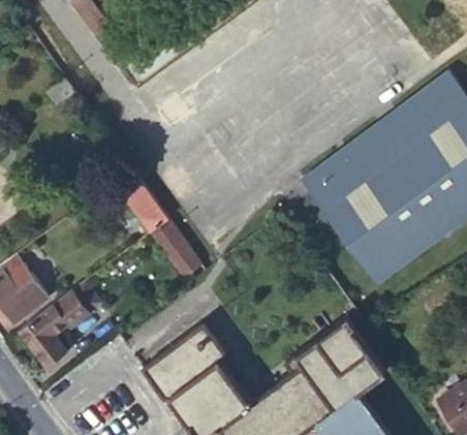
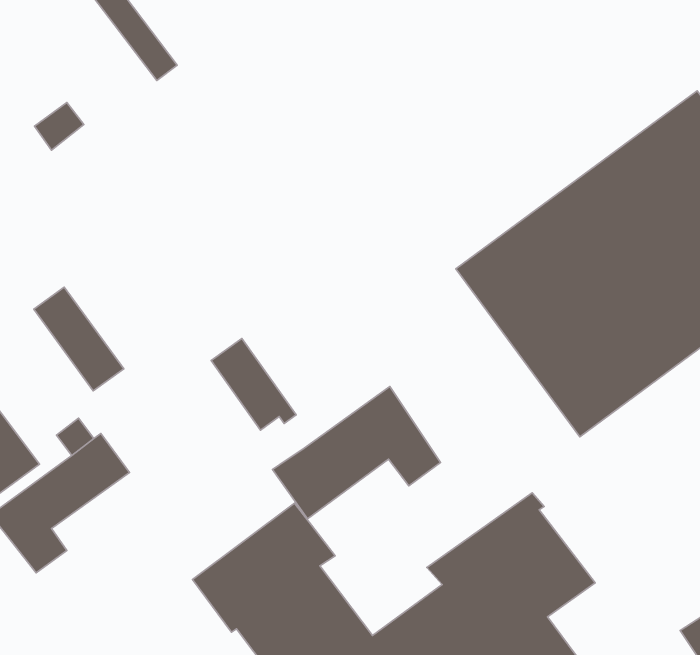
building: [114,172,168,235] -> [34,287,124,391]
building: none -> [273,386,441,519]

